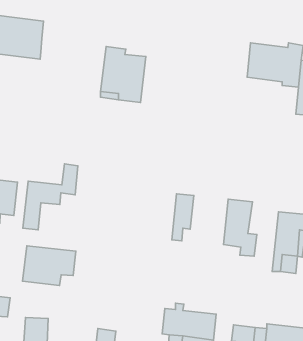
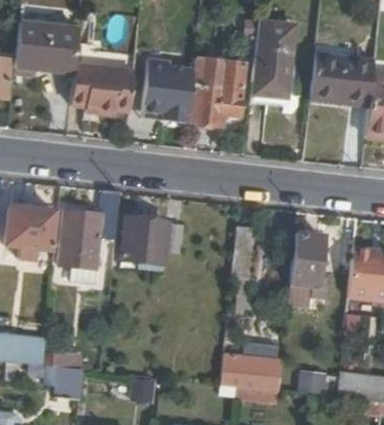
building: none -> [251,22,298,96]
building: none -> [190,56,247,123]
building: none -> [72,63,135,111]
building: [22,246,76,286] -> [119,217,180,262]

